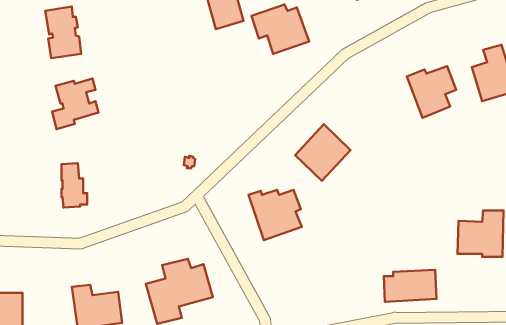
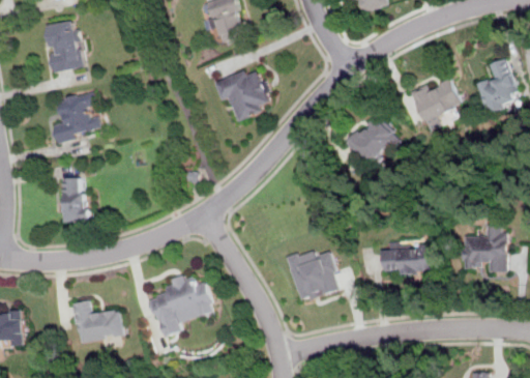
building: [252,5,309,54] -> [214,70,272,120]
building: [295,124,351,181] -> [345,113,401,170]
building: [248,190,302,240] -> [284,252,337,302]
building: [384,270,436,302] -> [381,243,434,275]

